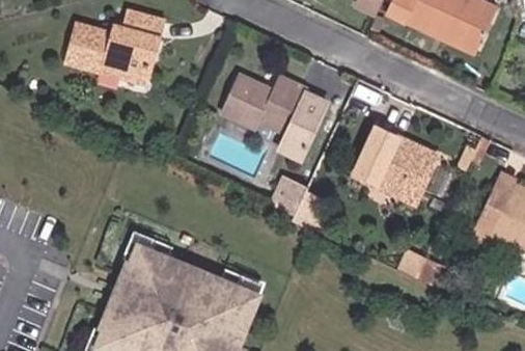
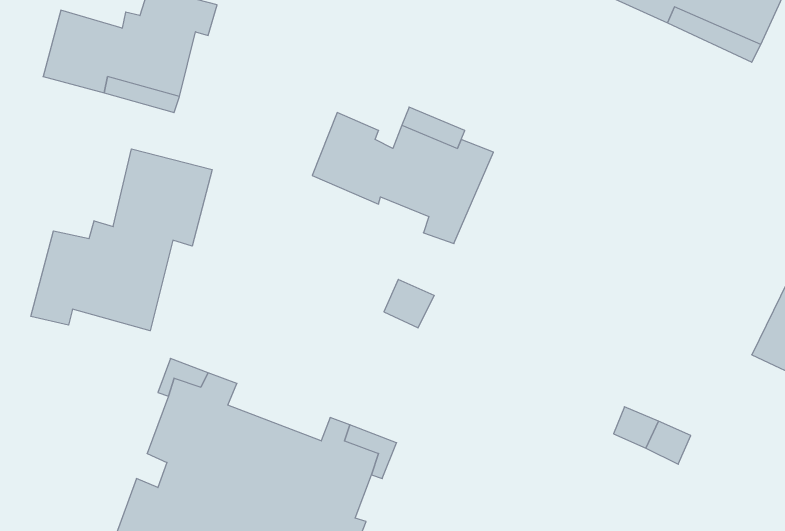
building: none -> [31,149,212,331]
building: [357,131,437,203] -> none

